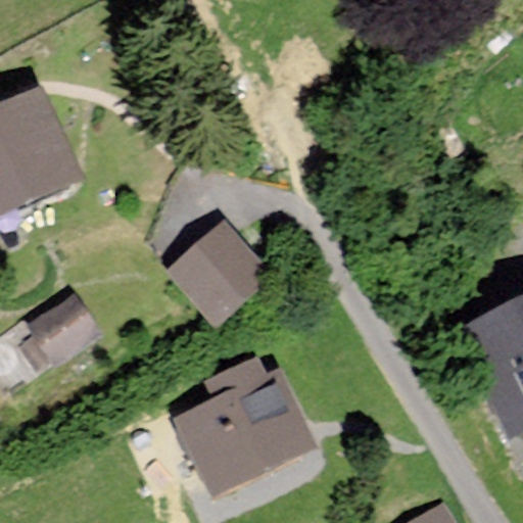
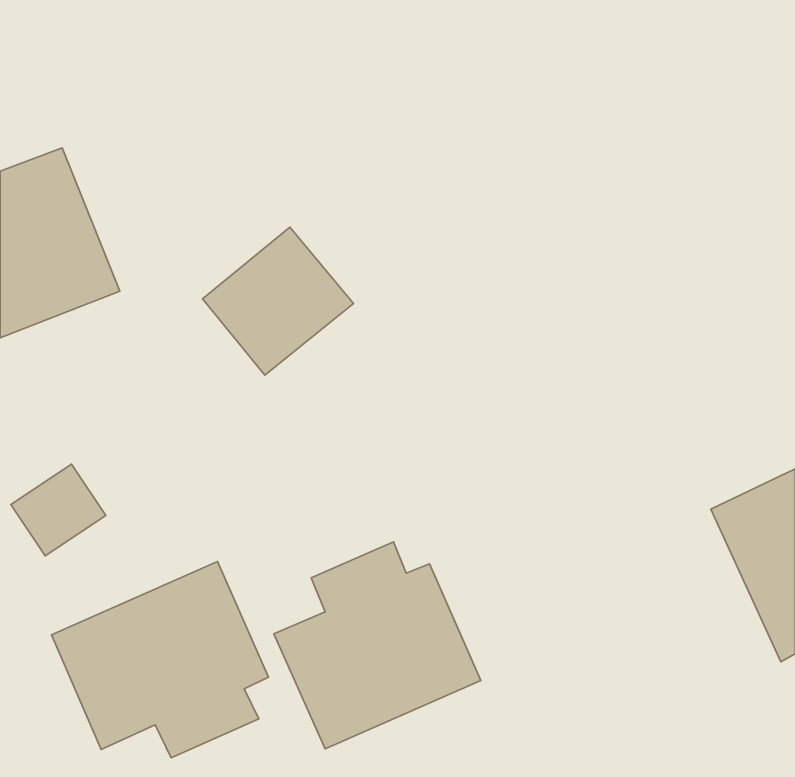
building: [175,223,274,320] -> [203,227,354,375]
building: none -> [51,562,268,758]

